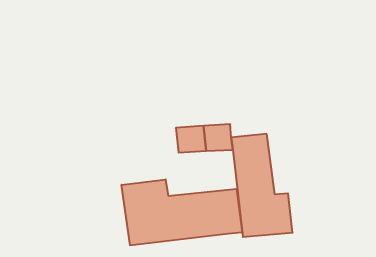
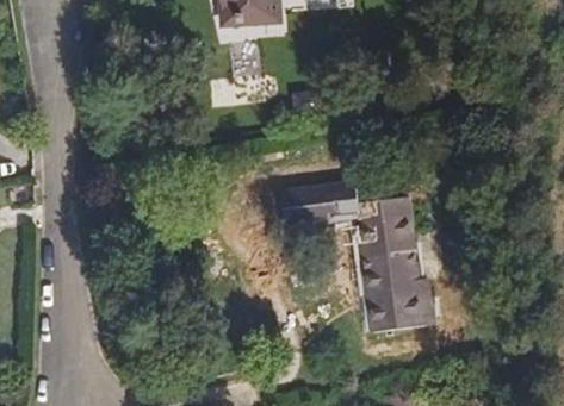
building: [122,179,242,245] -> none

